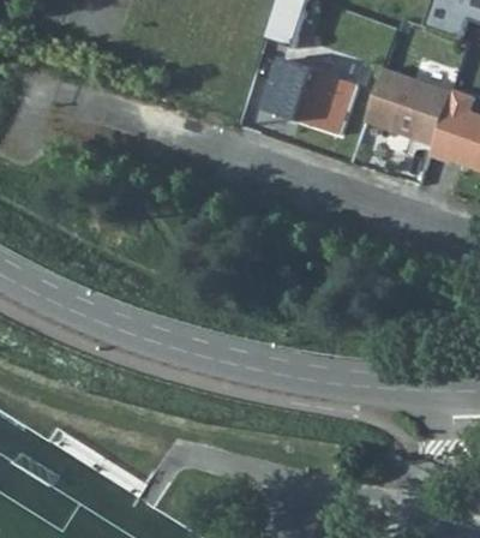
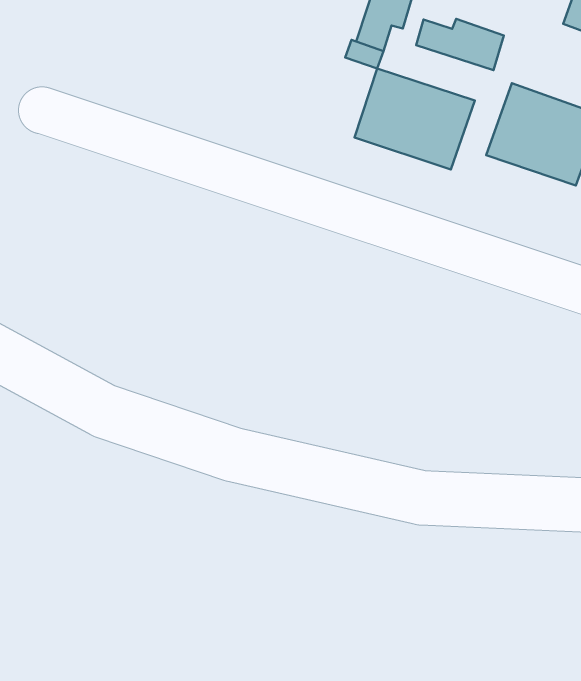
building: none -> [416,19,504,70]

